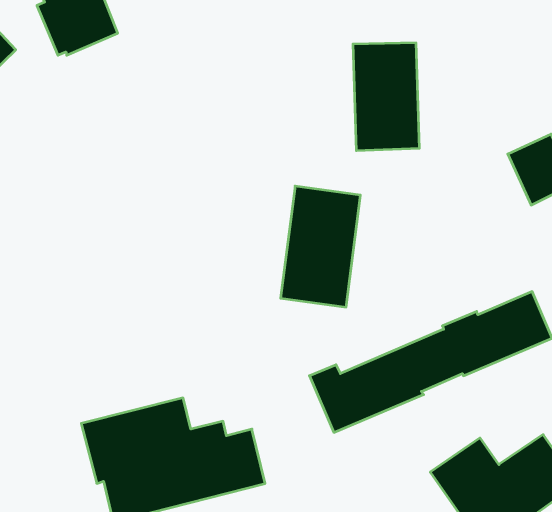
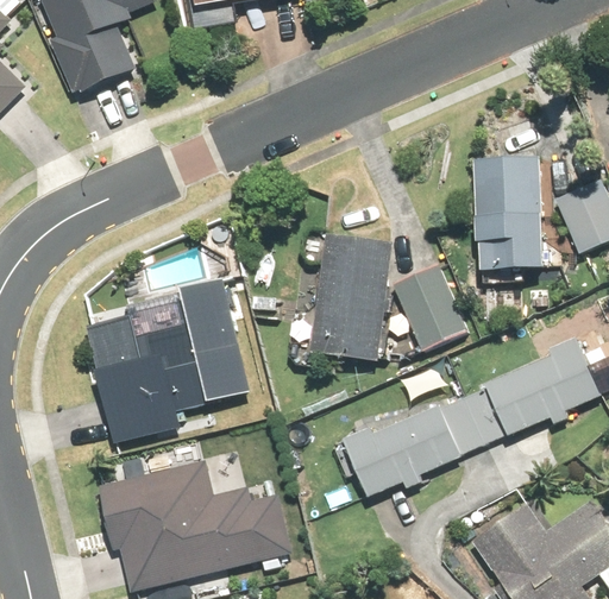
building: [353,43,419,151] -> [471,157,542,272]
building: none -> [390,263,471,353]
building: none -> [86,277,251,443]

